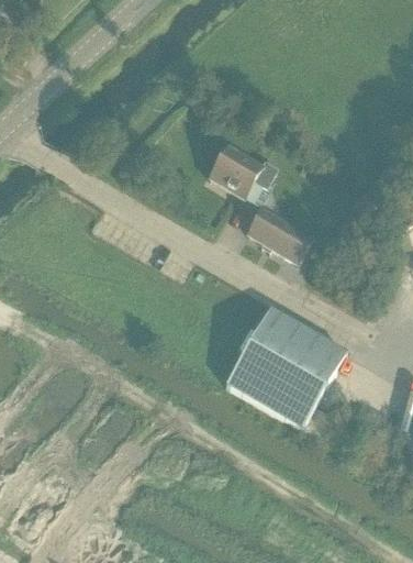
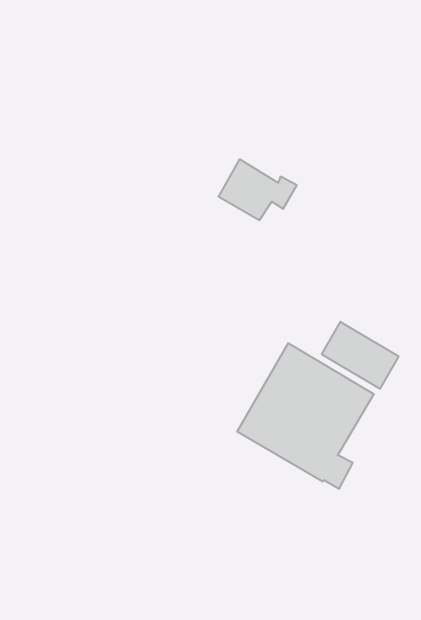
building: [245,203,313,263] -> [322,322,399,389]

